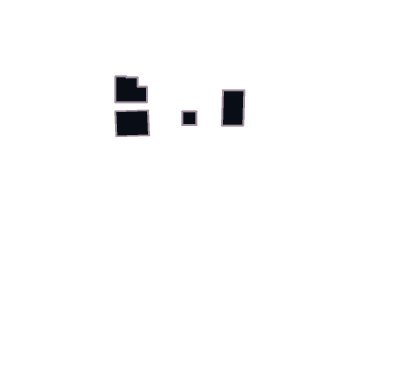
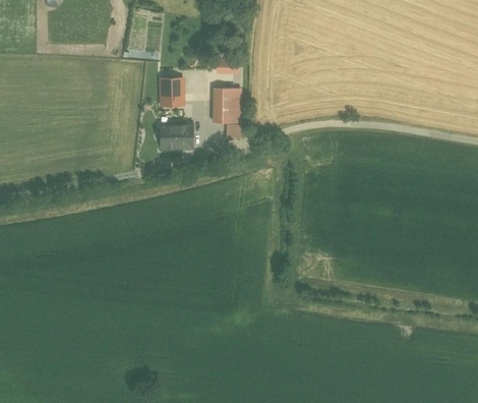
building: [222,90,244,125] -> [214,87,236,121]

